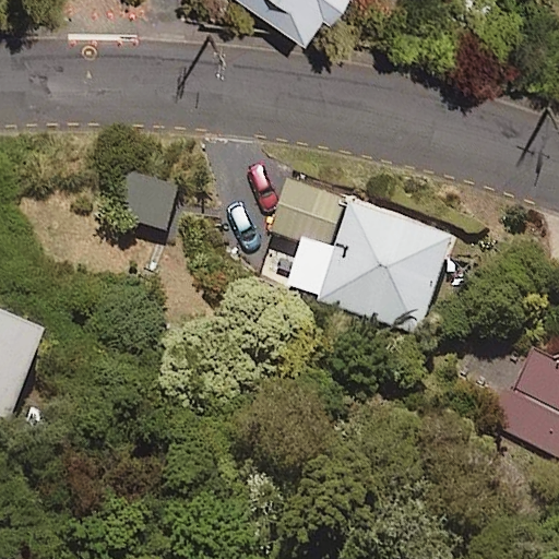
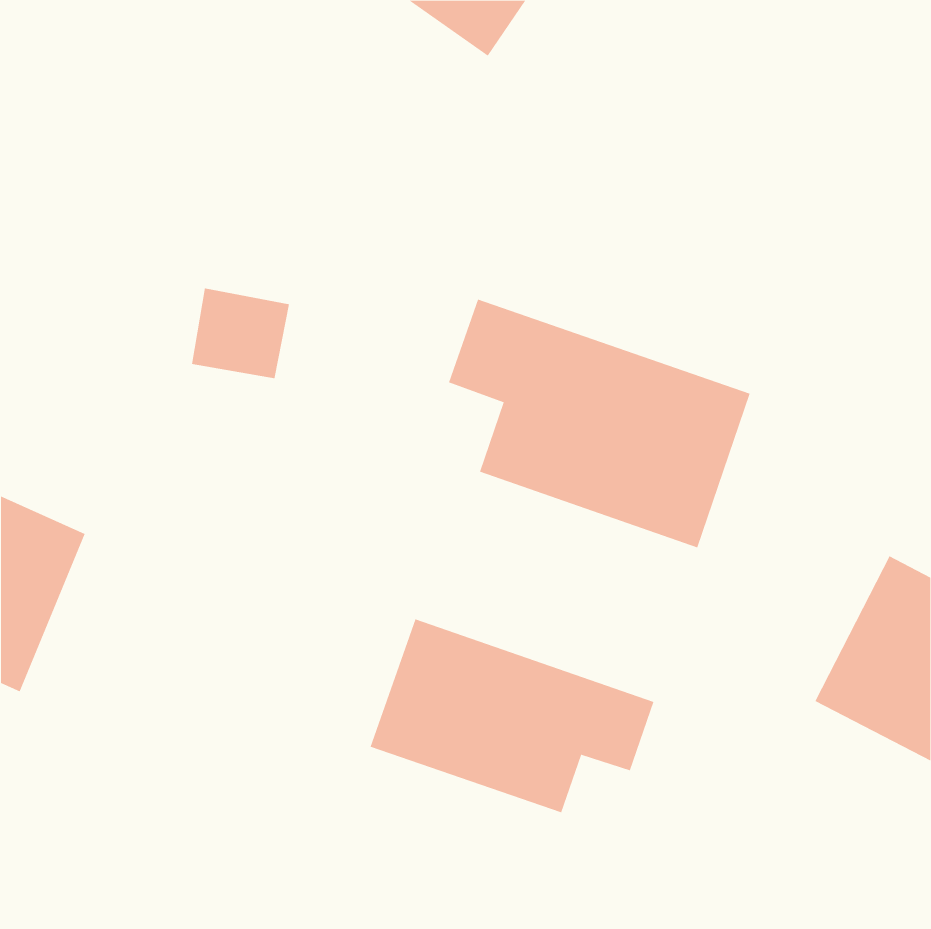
building: none -> [370,619,654,813]

